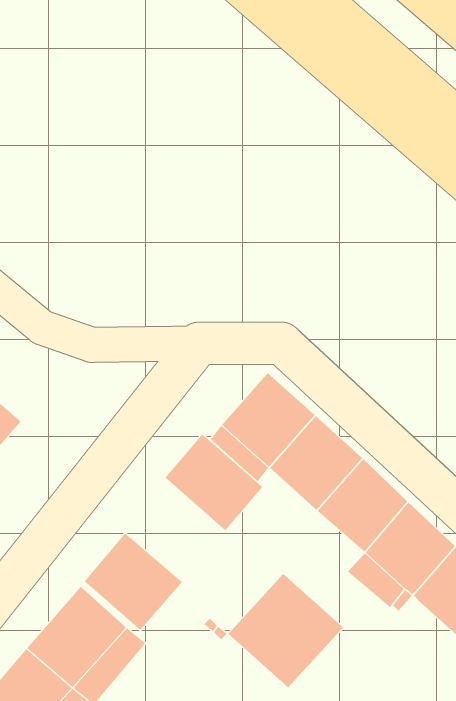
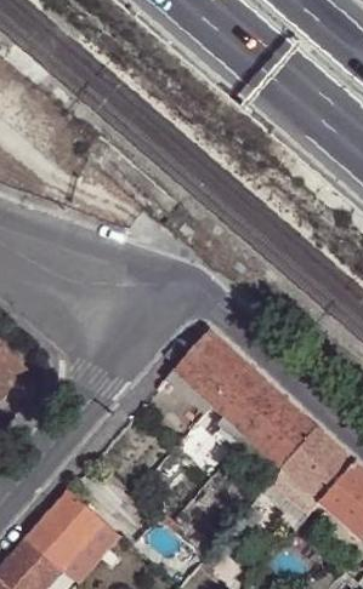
building: [165,434,263,531] -> none
building: [84,532,183,631] -> none
building: [228,573,344,688] -> none

